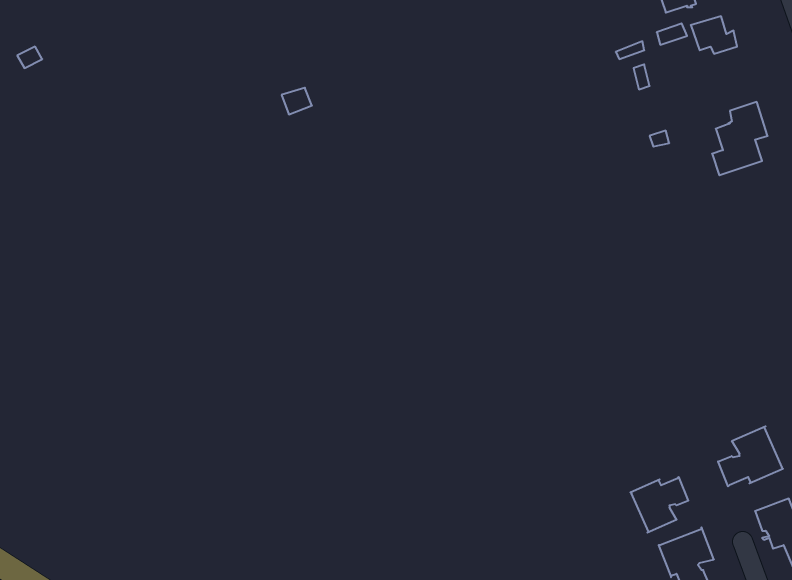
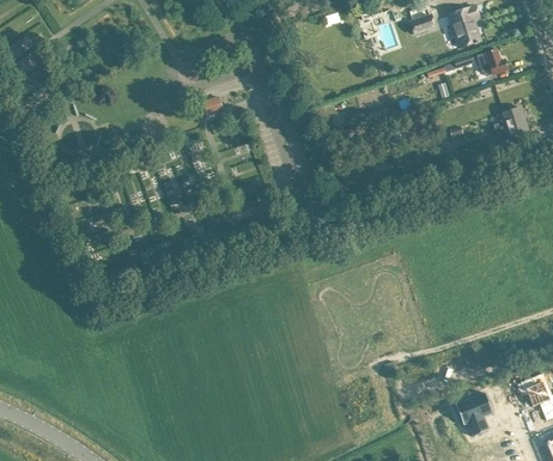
building: [718,426,783,486] -> none
building: [630,477,688,533] -> none

